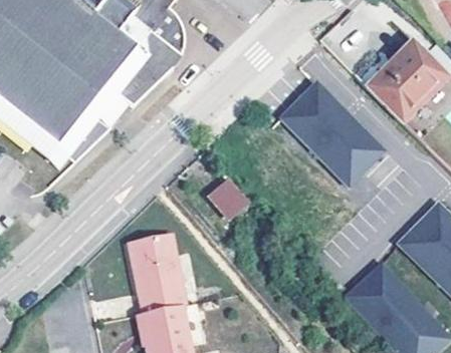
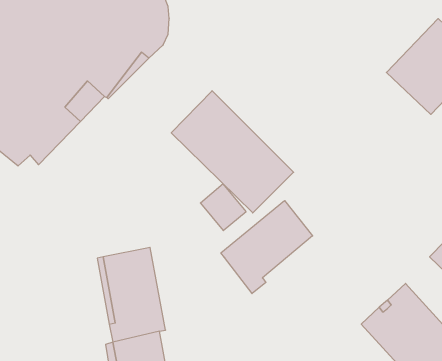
building: [283,83,386,186] -> [171,91,294,213]
building: none -> [221,201,313,294]

